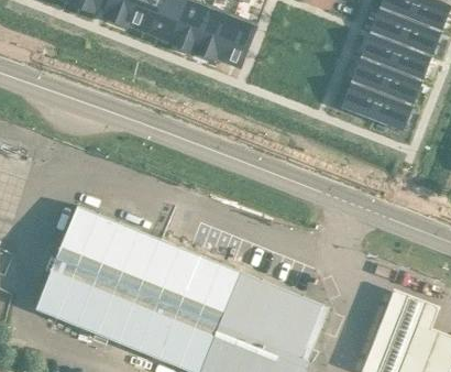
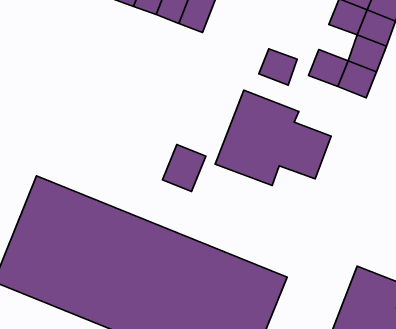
building: [353,58,390,94] -> [259,49,297,85]
building: none -> [215,90,331,186]
building: none -> [162,144,206,191]

